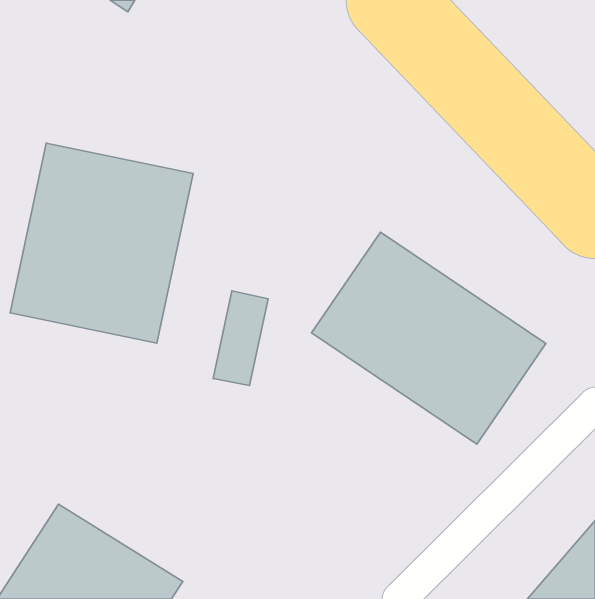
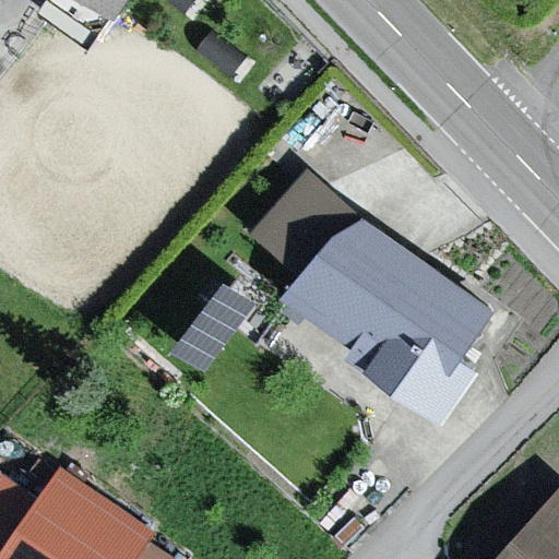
building: [10,143,193,343] -> none

